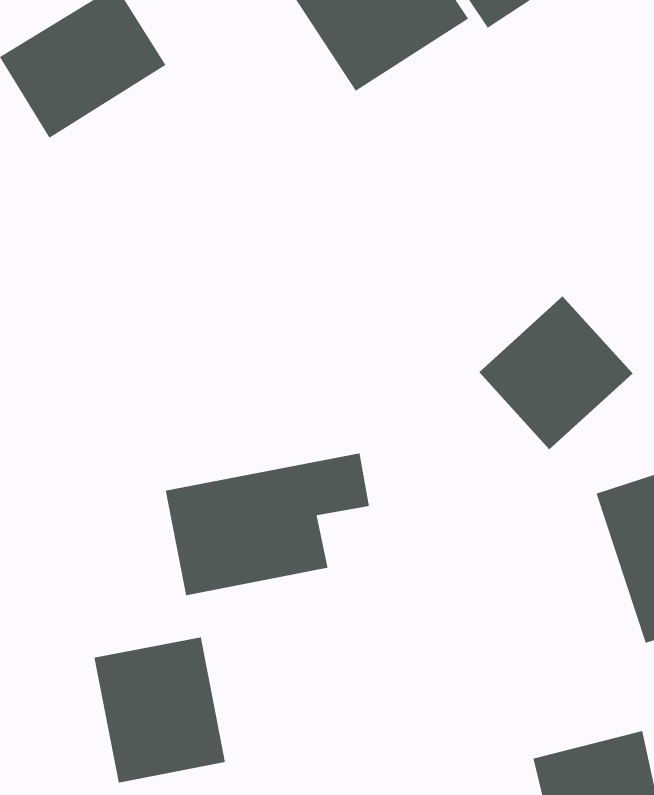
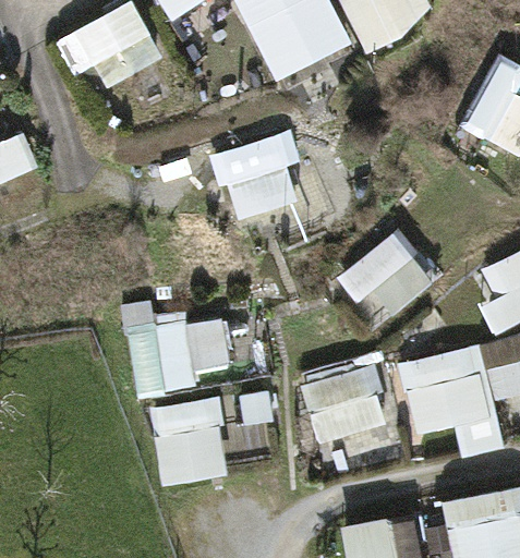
building: none -> [218,140,298,221]
building: none -> [302,364,387,440]
building: [94,636,226,783] -> [152,398,228,485]

